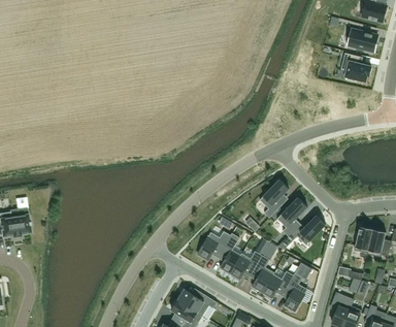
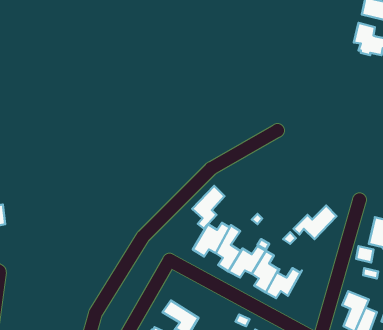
building: [259,178,288,217] -> [192,186,225,229]
building: [276,197,306,235] -> none
building: [282,272,307,310] -> none
building: [177,289,217,315] -> none

